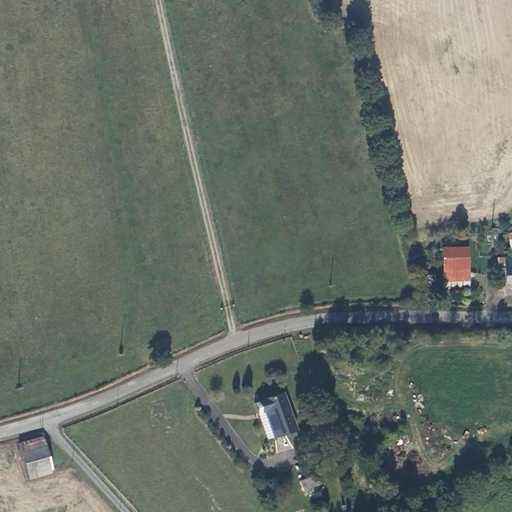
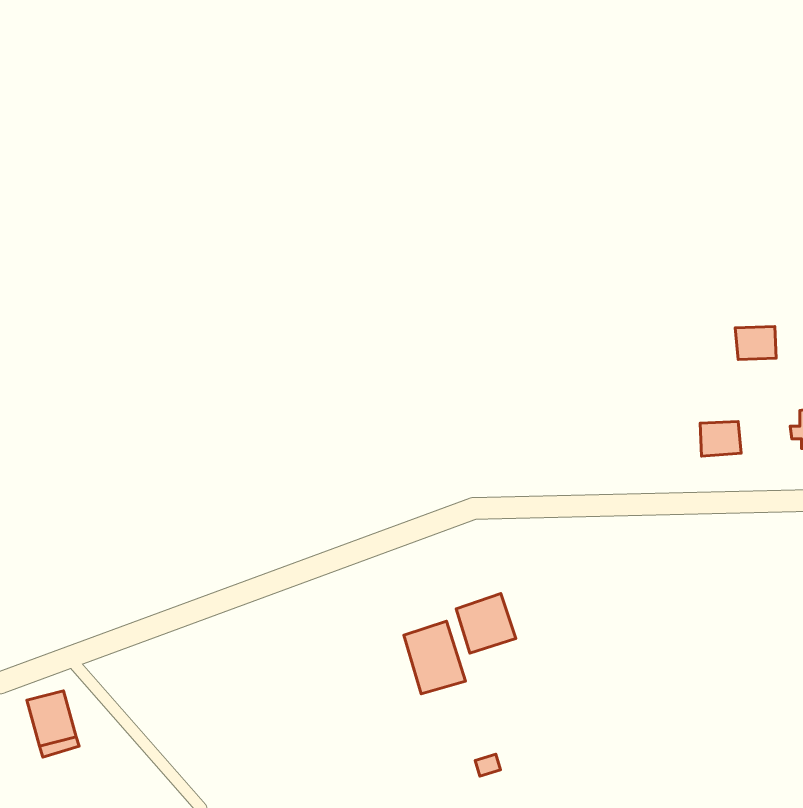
building: [444,246,470,267] -> [735,326,776,360]
building: none -> [456,594,516,653]

